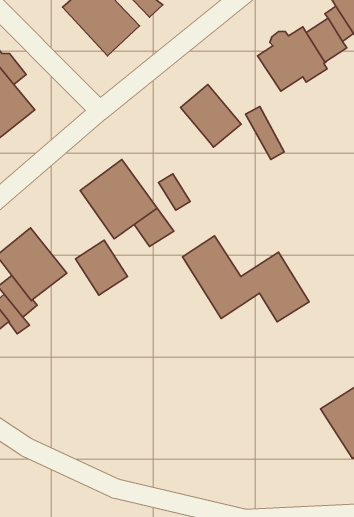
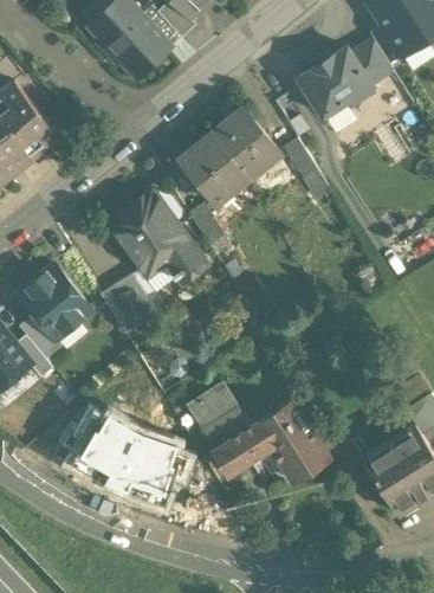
building: none -> [181,134,246,204]
building: [182,236,309,322] -> [190,382,326,475]
building: none -> [61,411,188,504]

